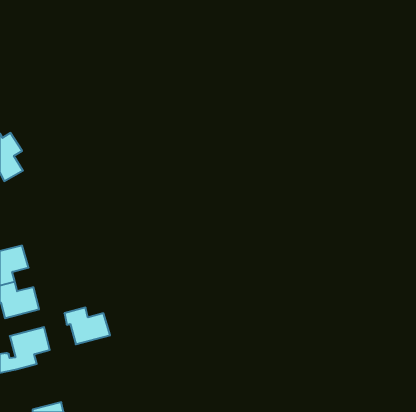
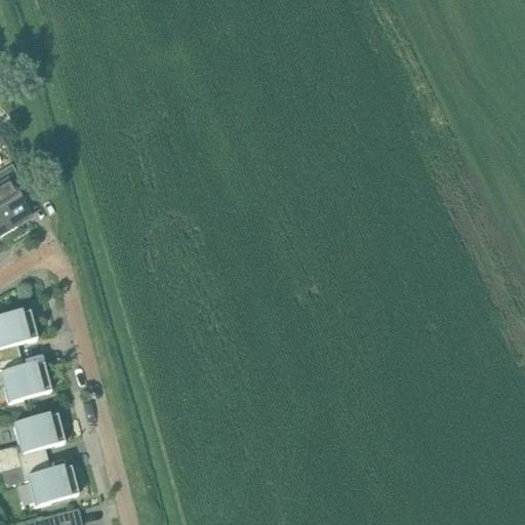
building: [64,308,110,344] -> [19,457,77,503]

